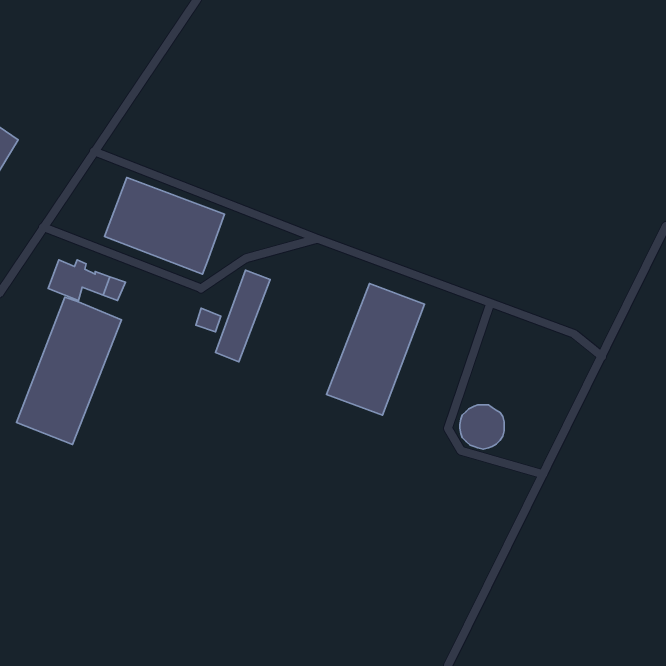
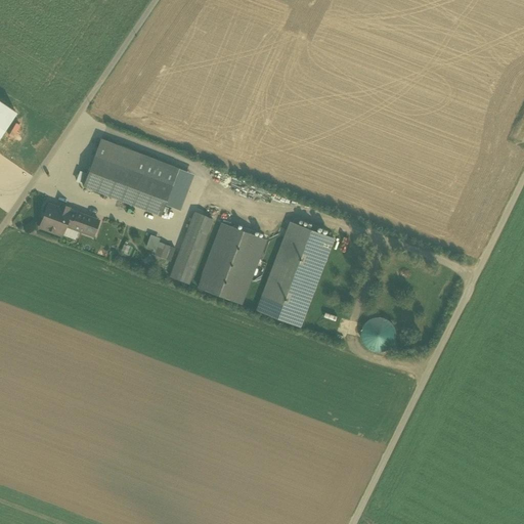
building: none -> [163,168,192,210]
building: none -> [196,222,265,303]
building: [16,297,122,445] -> none

